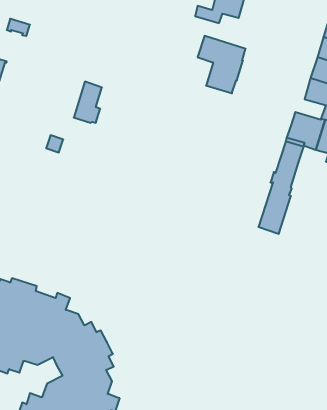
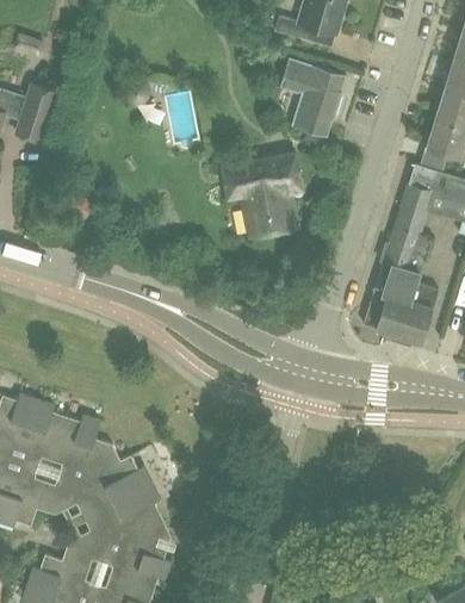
building: [74,82,102,123] -> [16,83,55,141]
building: none -> [221,153,302,238]
building: none -> [391,234,436,342]

